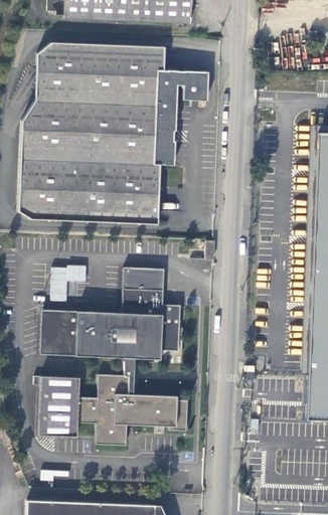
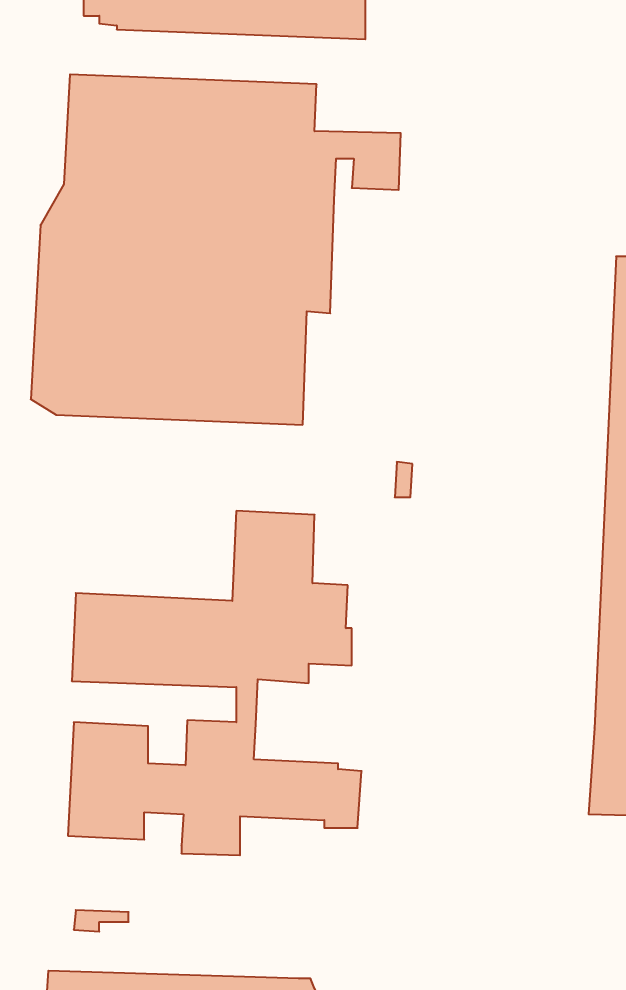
building: [50,267,88,302] -> none

